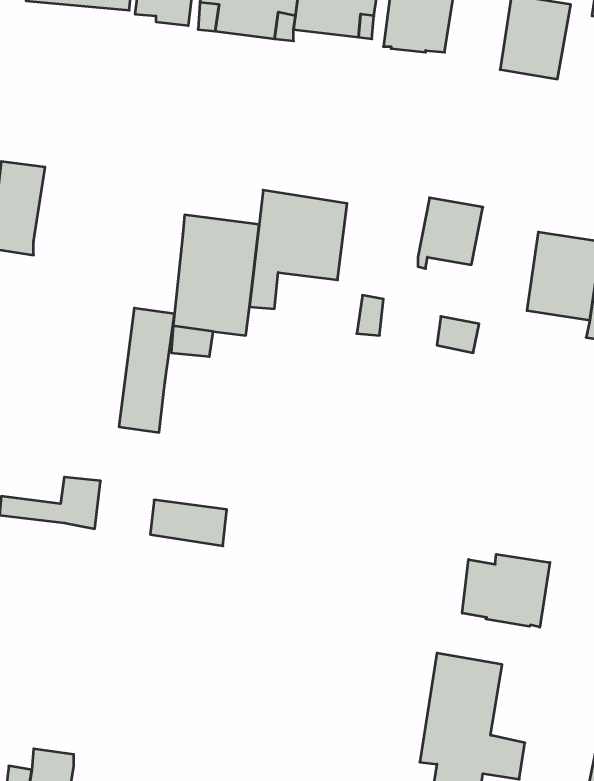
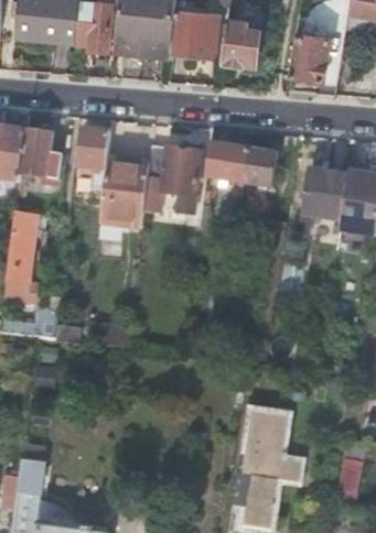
building: none -> [78,129,110,170]
building: none -> [20,131,62,180]
building: none -> [205,142,248,188]
building: [119,308,174,432] -> [6,220,37,292]
building: [462,554,550,627] -> none

